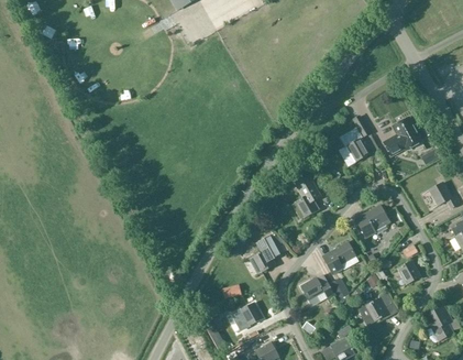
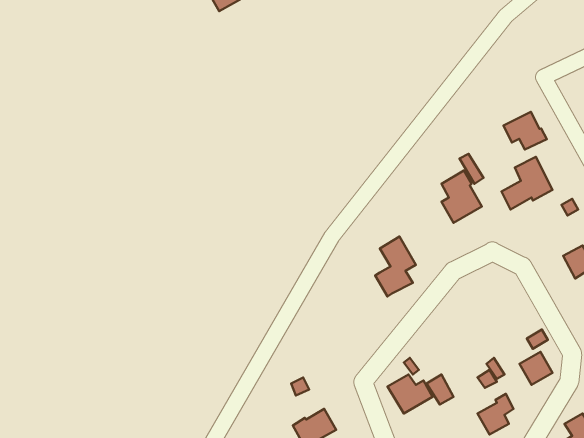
building: none -> [503,112,547,150]
building: [355,205,390,238] -> none
building: [249,234,282,273] -> none
building: [322,241,356,274] -> none

